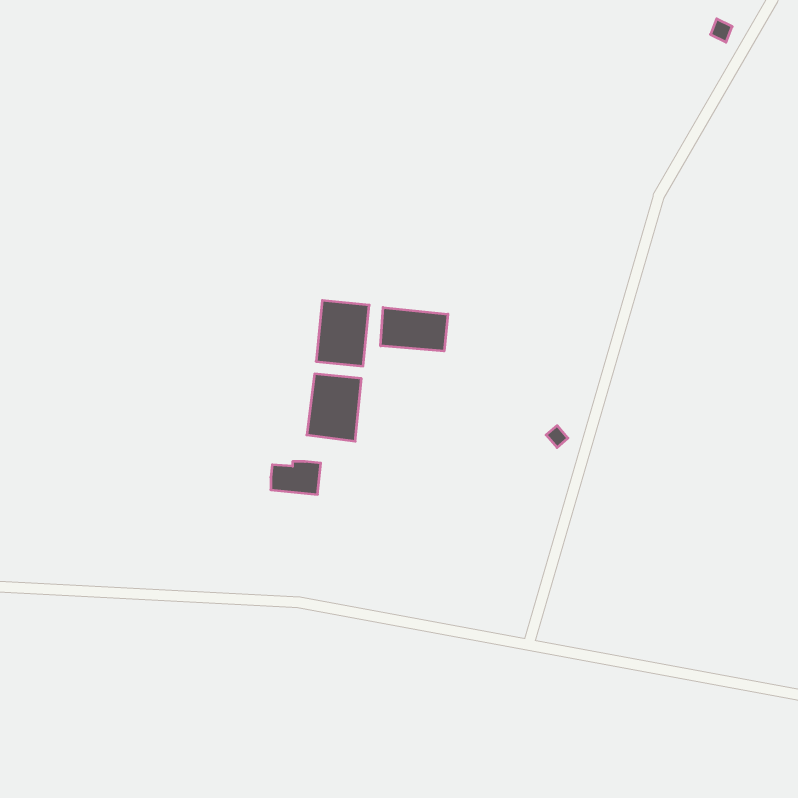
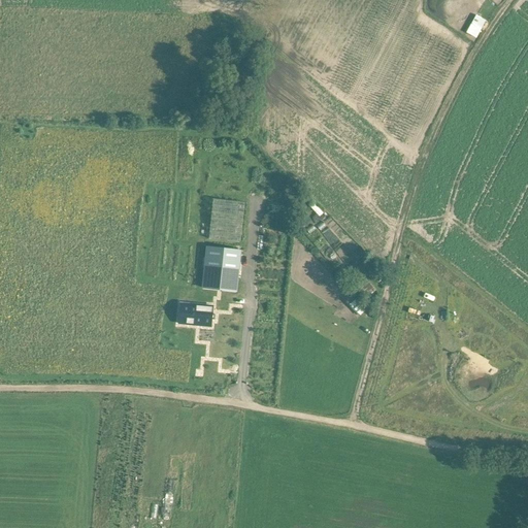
building: [381,307,448,351] -> none

